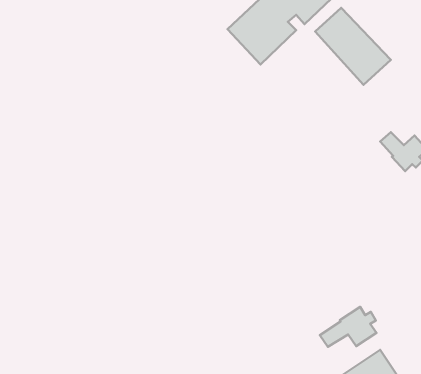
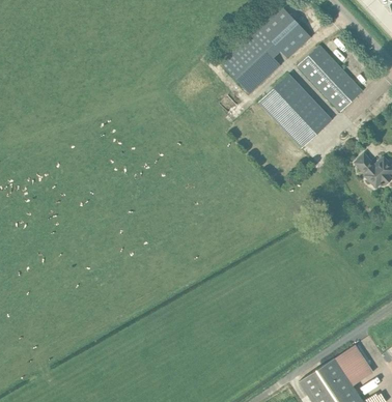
building: none -> [257,73,332,148]
building: [320,307,377,347] -> none

